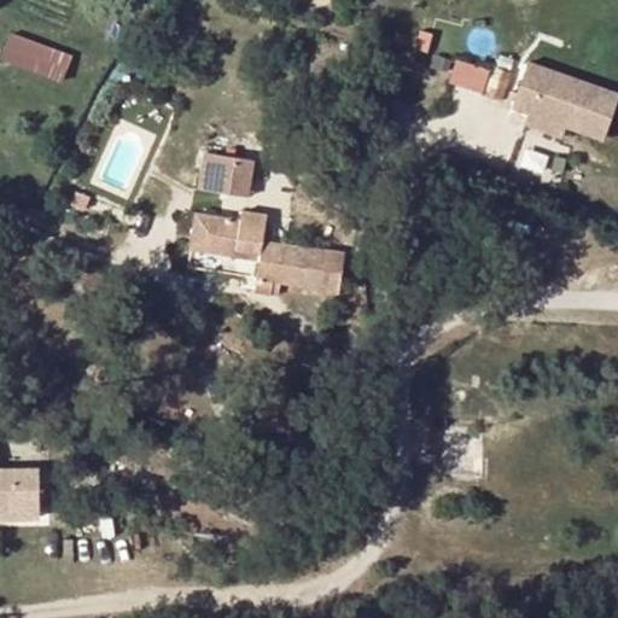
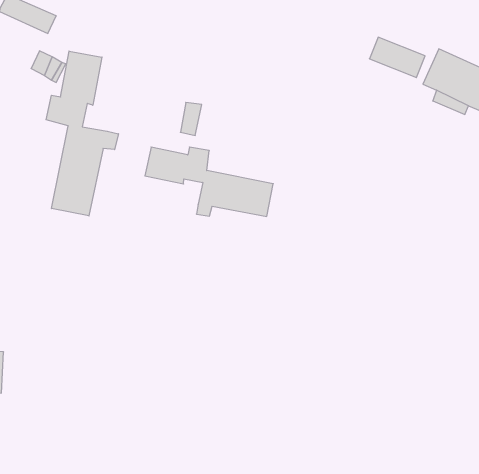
building: none -> [46,51,118,216]
building: [197,151,232,191] -> none

